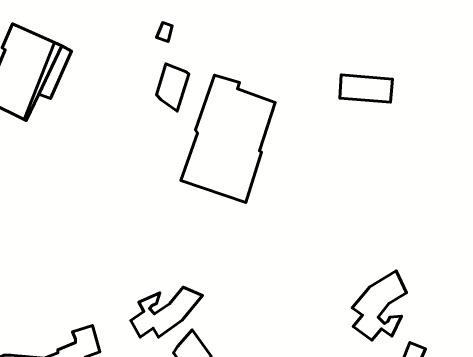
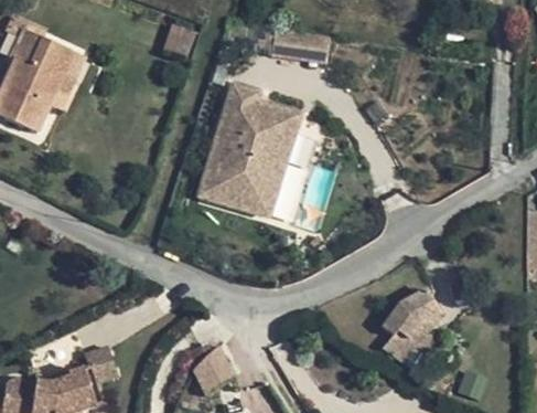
building: [156,64,189,111] -> none
building: [340,75,393,102] -> [272,30,327,59]
building: [131,287,202,337] -> none

